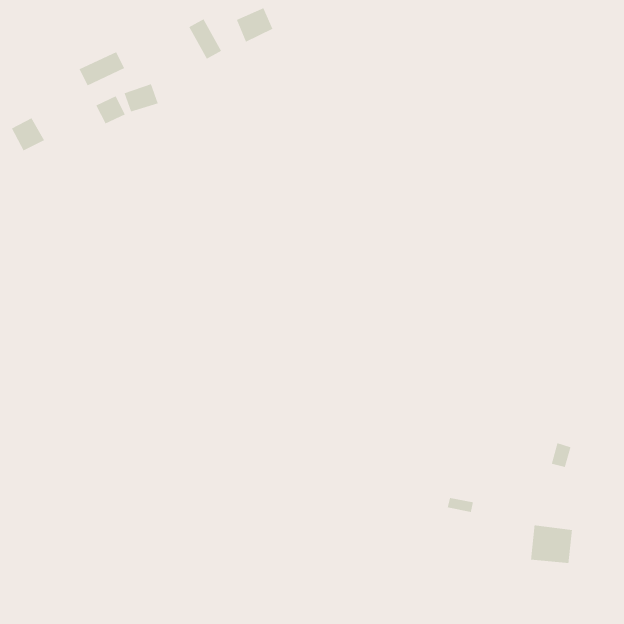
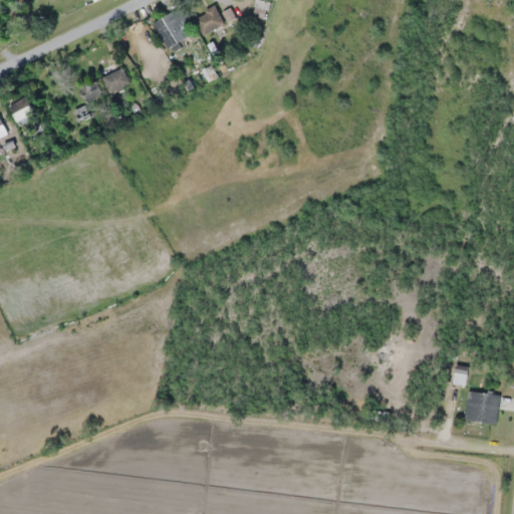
building: [79,51,125,86] -> none
building: [530,525,573,564] -> [465,391,500,423]

